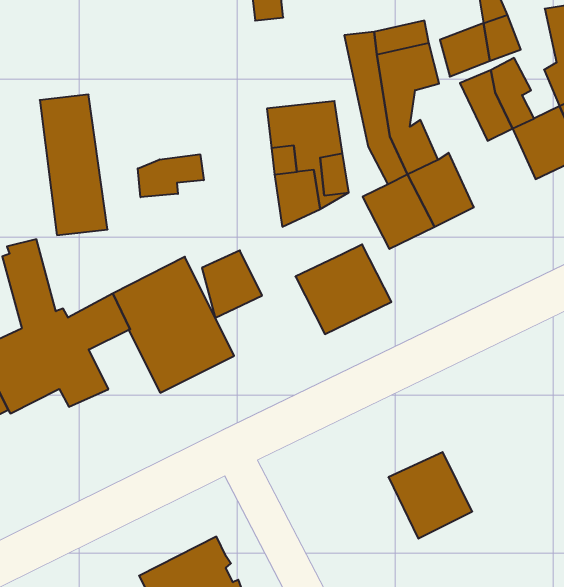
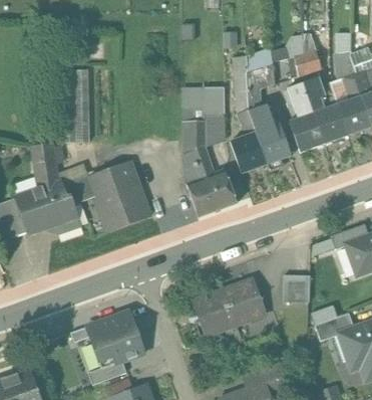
building: none -> [289,114,320,150]
building: [138,154,204,197] -> none
building: [202,250,262,318] -> [183,145,214,179]
building: none -> [285,275,311,303]
building: none -> [195,290,237,336]

